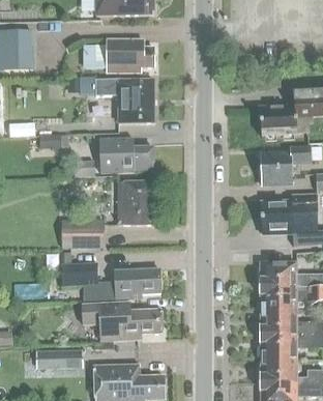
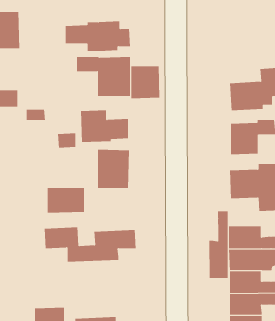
building: none -> [131,65,160,99]
building: none -> [209,211,228,279]
building: [81,300,160,337] -> none

